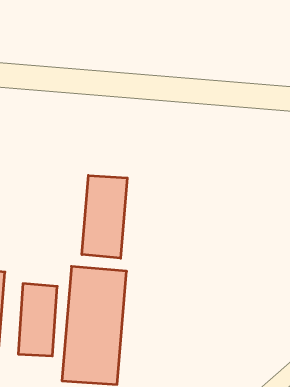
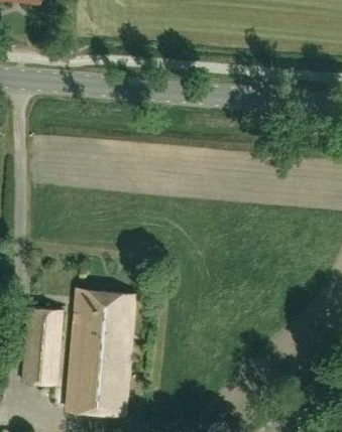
building: [82,175,127,258] -> none

